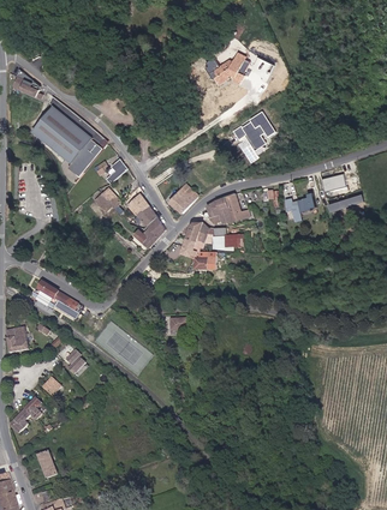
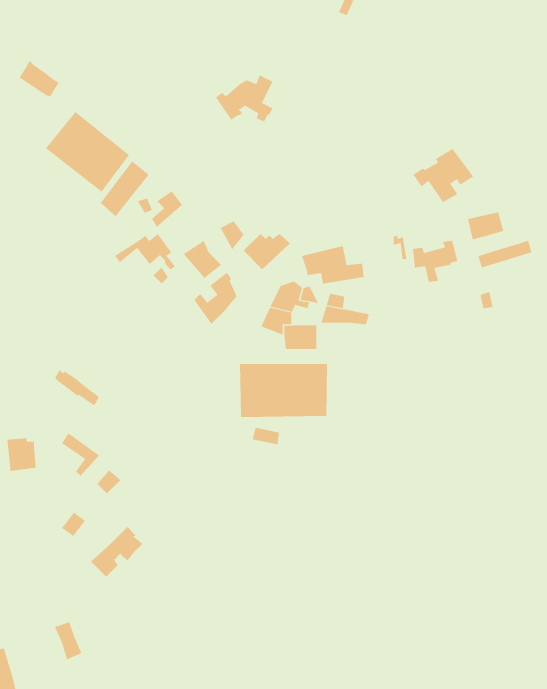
building: [206,54,245,86] -> [215,75,273,122]
building: [232,113,274,150] -> [412,148,474,203]
building: none -> [239,363,328,418]
building: [10,398,46,433] -> [90,526,143,577]

